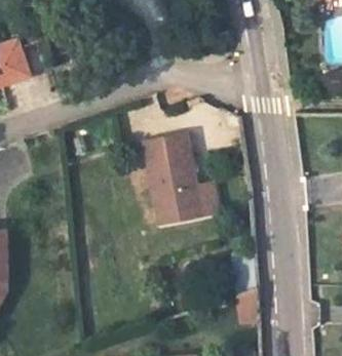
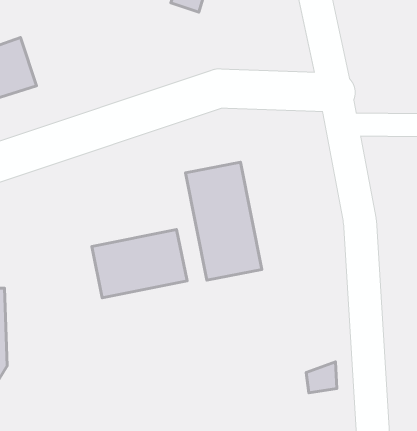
building: none -> [92,230,187,298]

